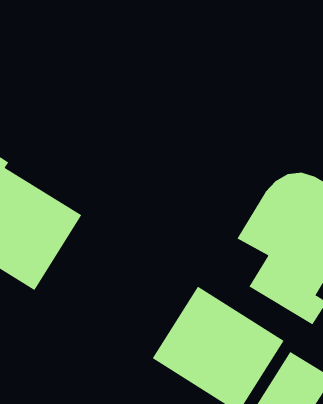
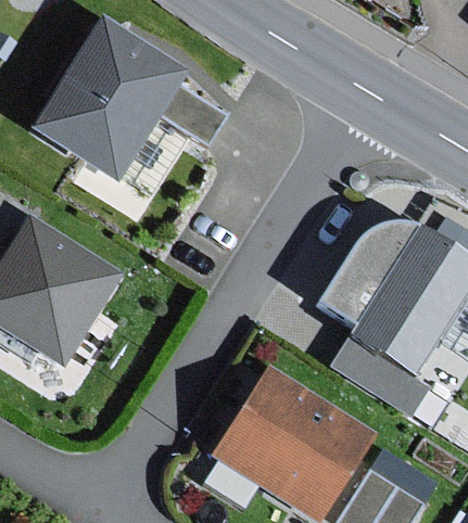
building: none -> [30,15,230,182]

